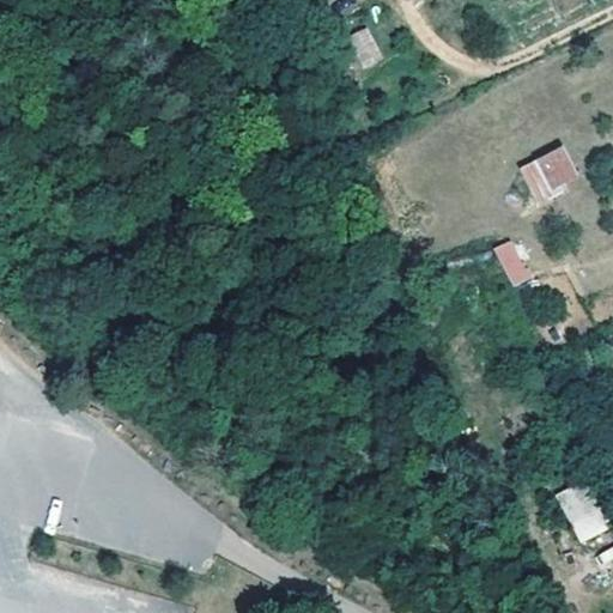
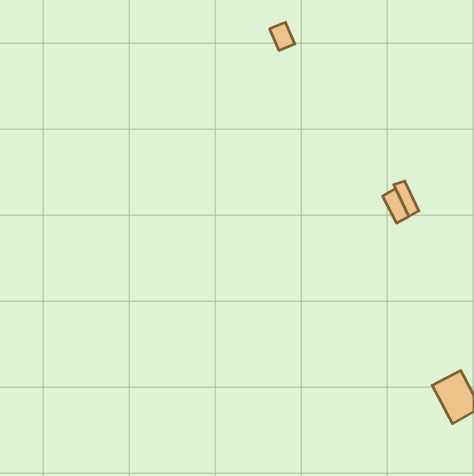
building: [517,148,573,199] -> none

